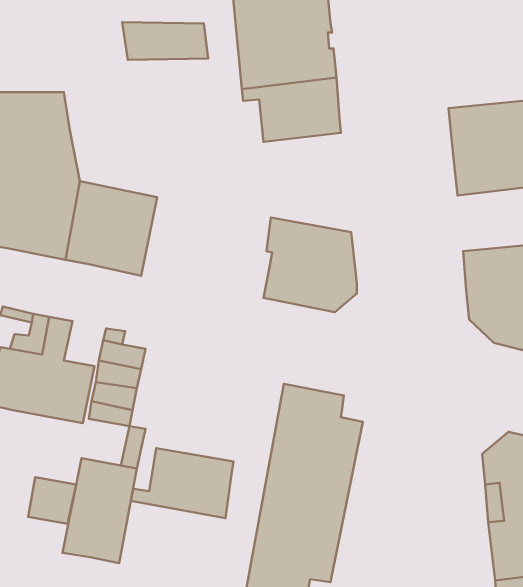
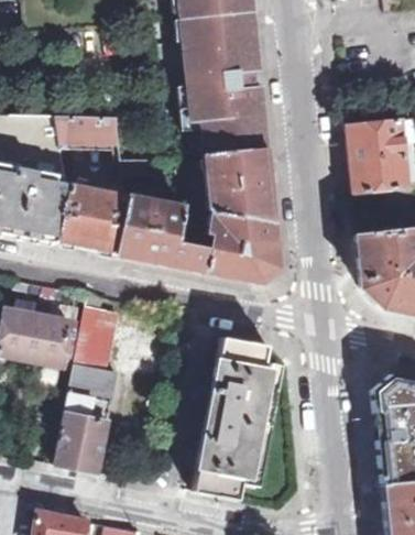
building: [122,22,208,60] -> [55,116,120,144]
building: none -> [206,146,272,221]
building: none -> [113,195,210,271]
building: [131,448,234,518] -> none
building: [28,477,76,524] -> [68,362,105,397]

